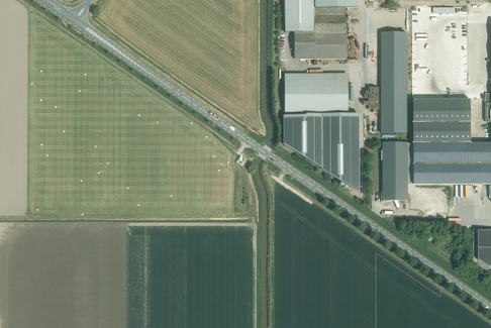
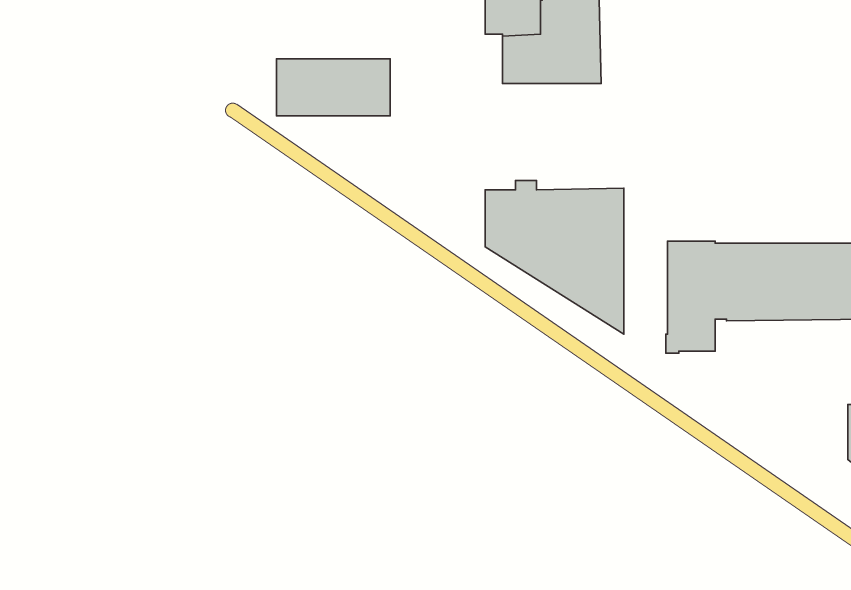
building: [382,31,407,132] -> none
building: [287,79,348,109] -> [276,59,390,116]
building: [414,98,471,142] -> none

